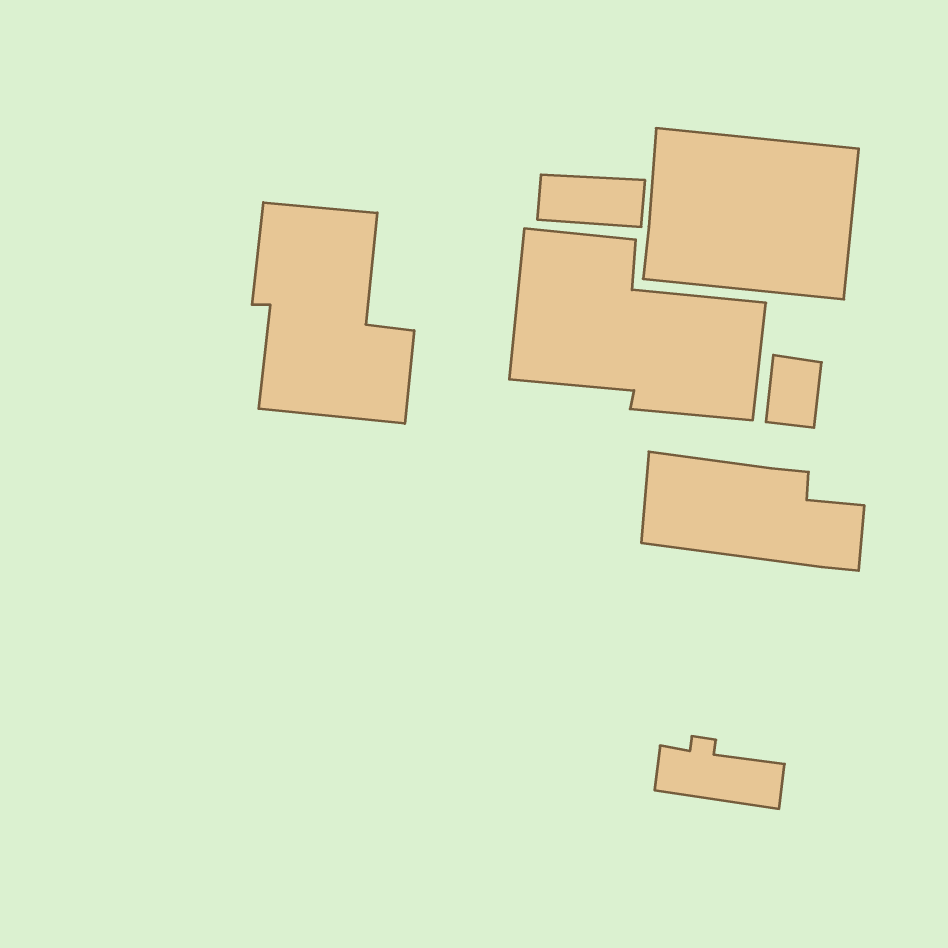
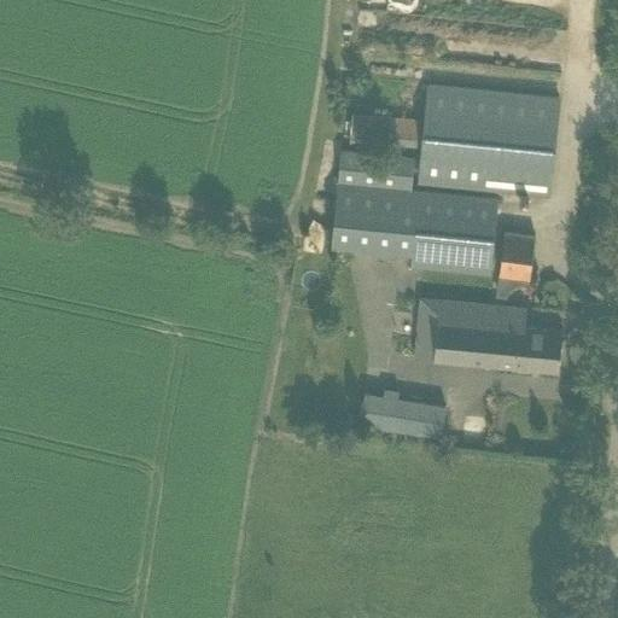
building: [252,202,414,424] -> none
building: [655,736,785,809] -> [360,389,444,436]

